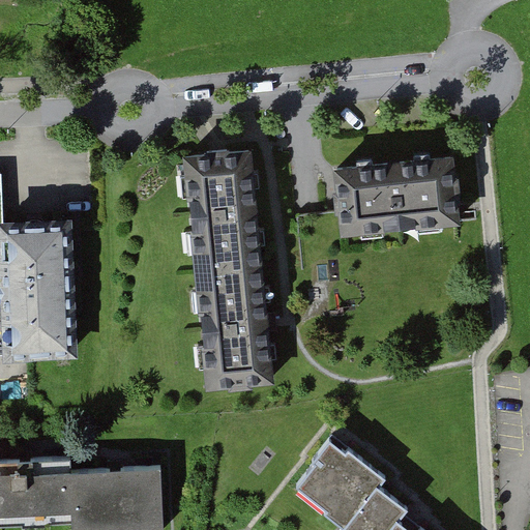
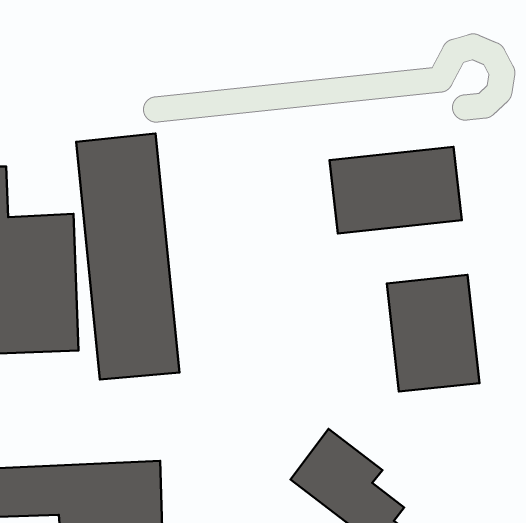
building: [174,146,277,392] -> [76,134,179,380]
building: none -> [387,275,479,392]

